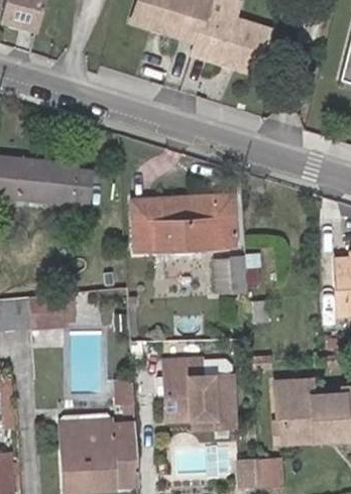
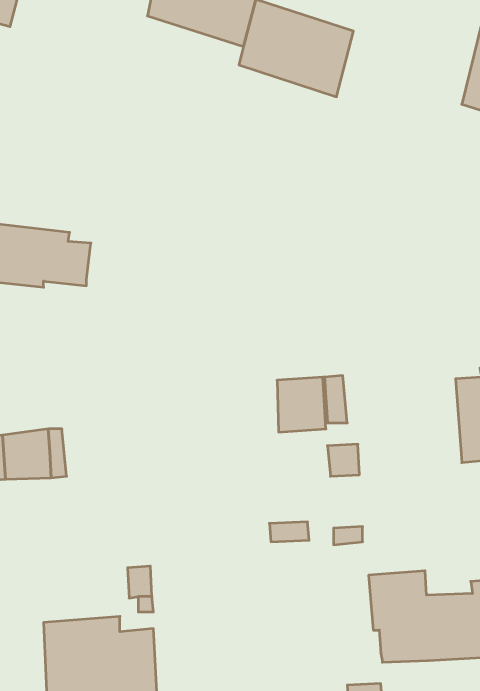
building: [133,193,236,248] -> none
building: [157,362,233,430] -> none

